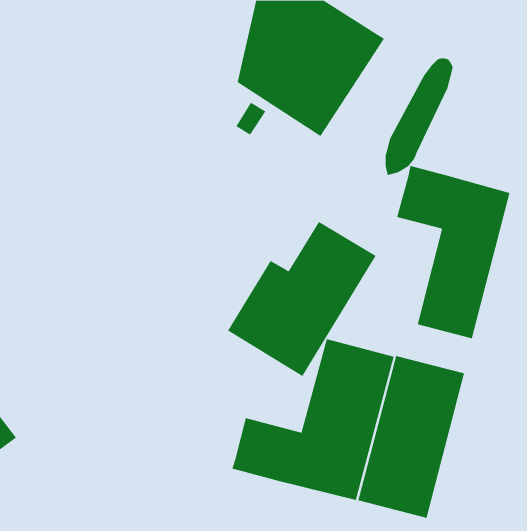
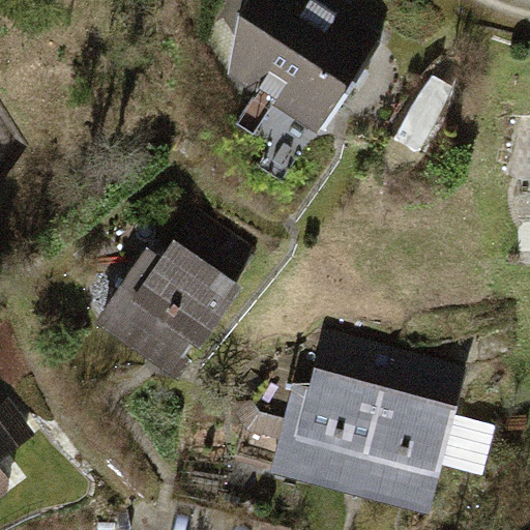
building: [396,165,510,339] -> none
building: [227,221,376,377] -> [99,222,246,375]

